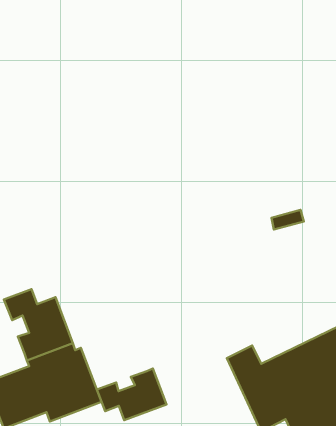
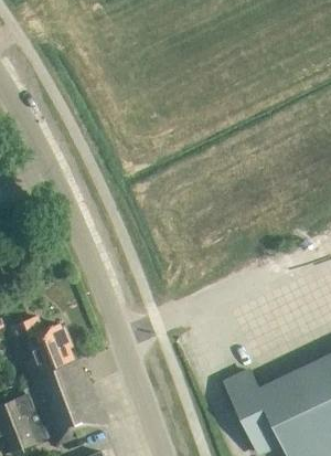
building: [97,368,166,420] -> none

